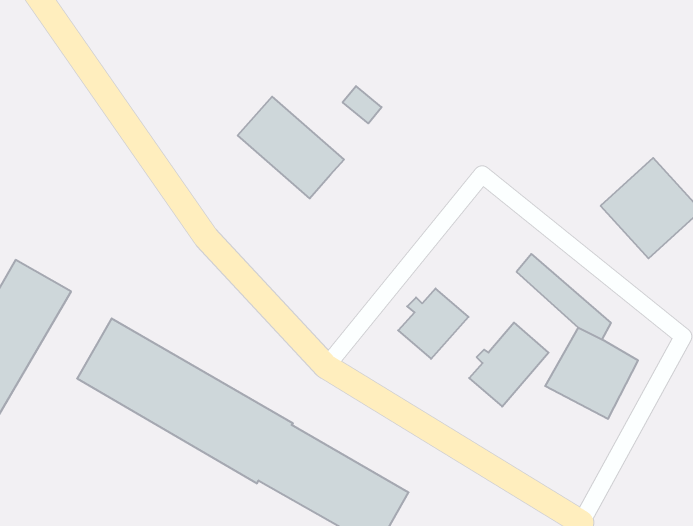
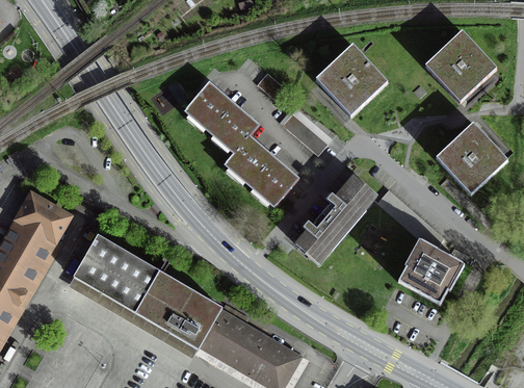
building: none -> [426,33,496,103]
building: none -> [316,46,387,117]
building: none -> [283,114,328,156]
building: none -> [226,135,299,206]
building: [469,323,549,407] -> [322,176,377,234]

